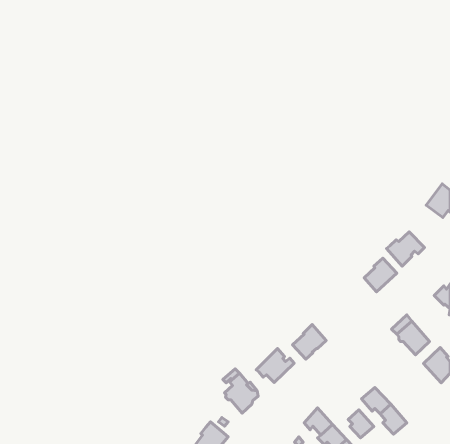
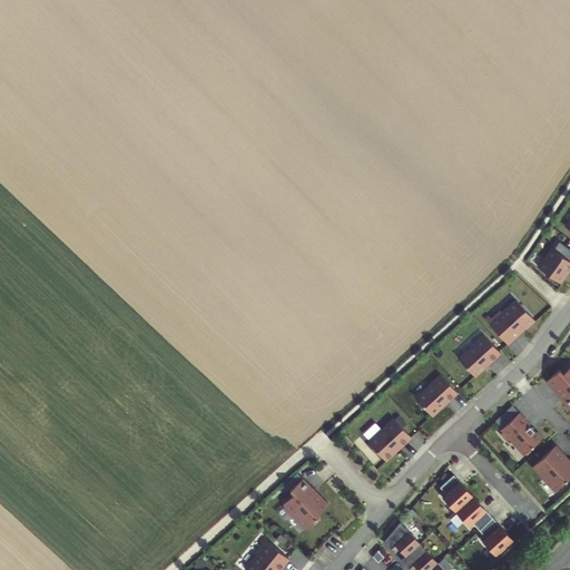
building: none -> [415,375,458,416]
building: [256,348,294,383] -> none
building: [348,410,374,438] -> [440,476,472,512]

